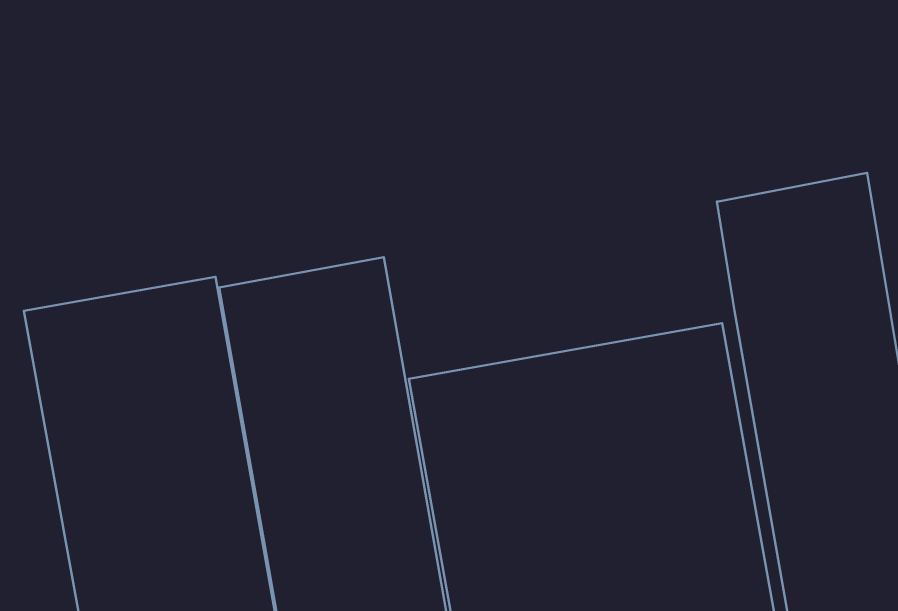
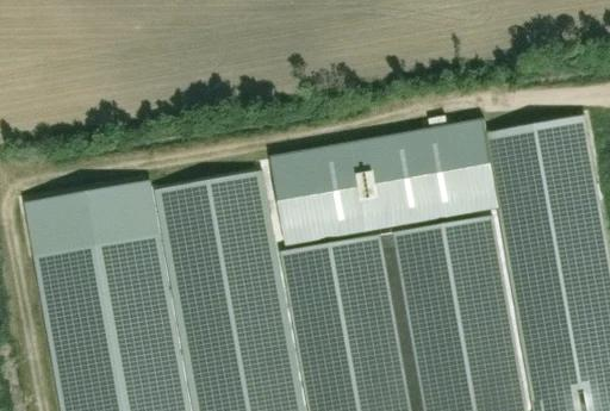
building: none -> [272,117,498,247]

